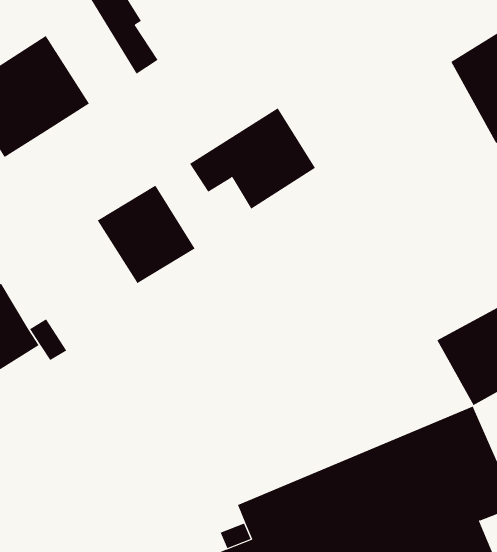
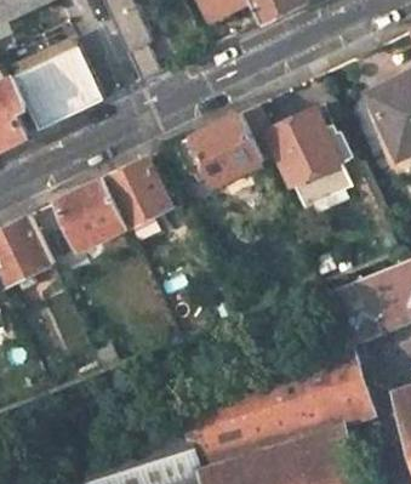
building: none -> [240,106,350,211]
building: none -> [55,180,125,250]

